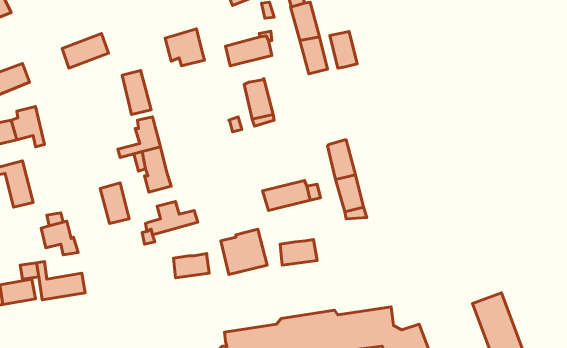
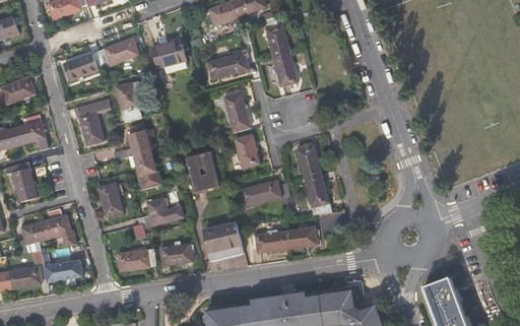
building: none -> [98,38,138,67]
building: [330,31,357,68] -> none
building: none -> [76,97,110,144]
building: none -> [233,133,259,168]
building: none -> [185,150,219,193]
building: none -> [17,220,49,251]
building: none -> [283,226,317,249]
building: none -> [119,248,156,270]

